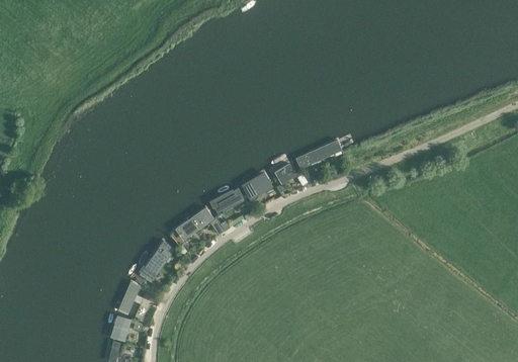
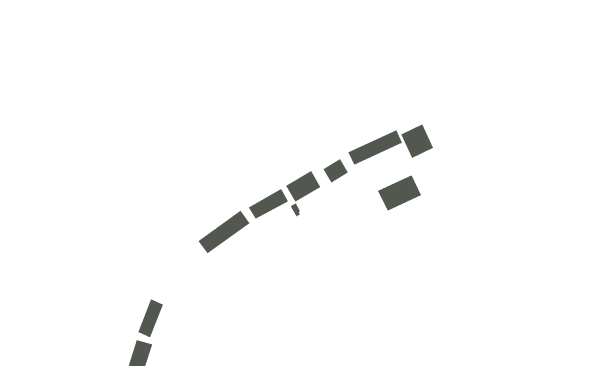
building: none -> [400,124,434,159]
building: none -> [377,174,422,211]
building: [139,239,176,282] -> none

